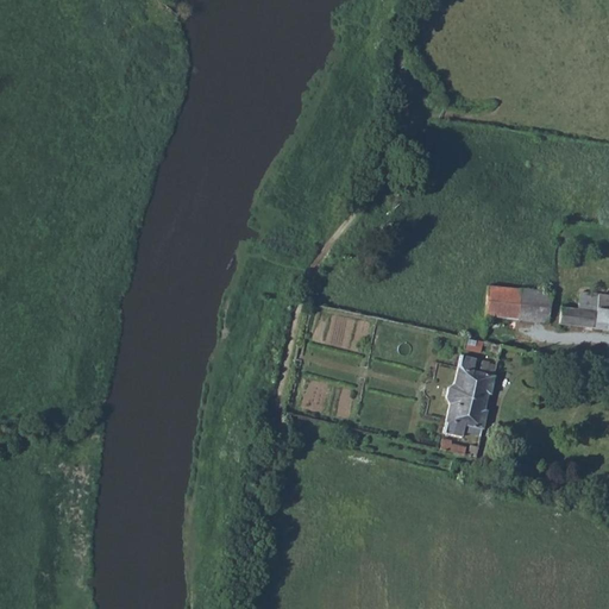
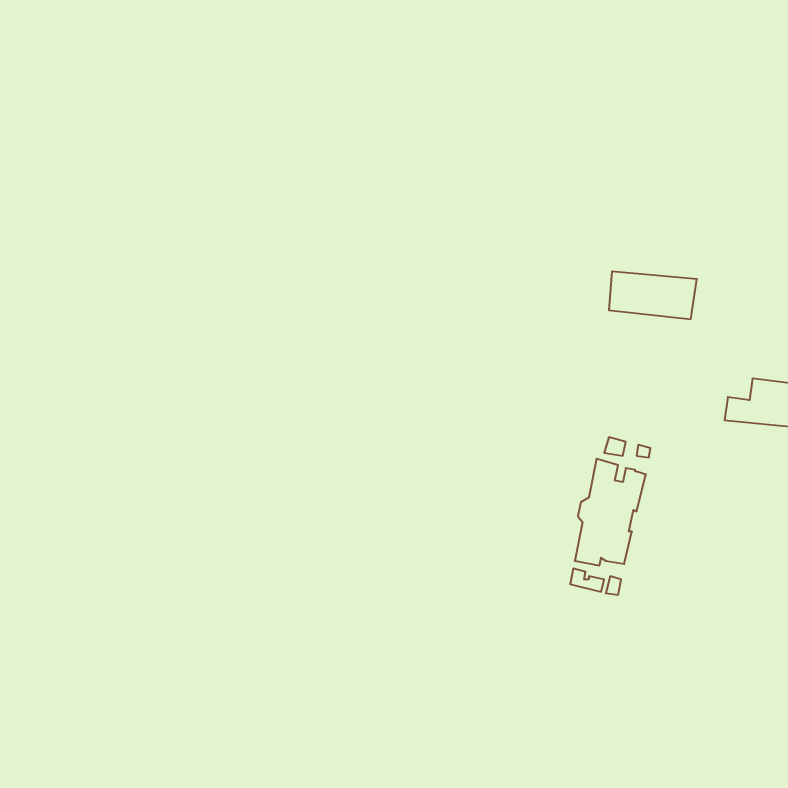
building: [485,285,553,322] -> [609,271,697,319]

